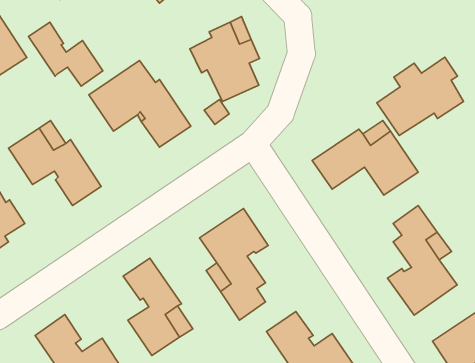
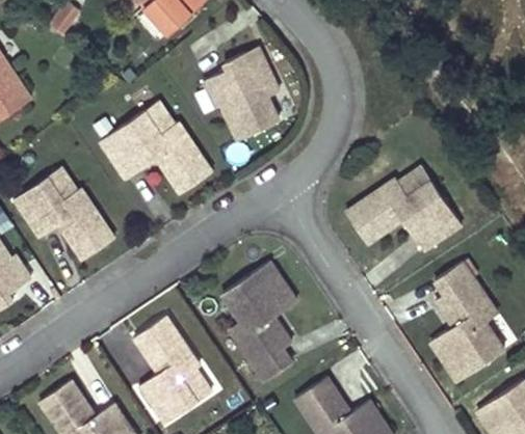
building: [29,22,103,86] -> none
building: [377,57,464,136] -> none

